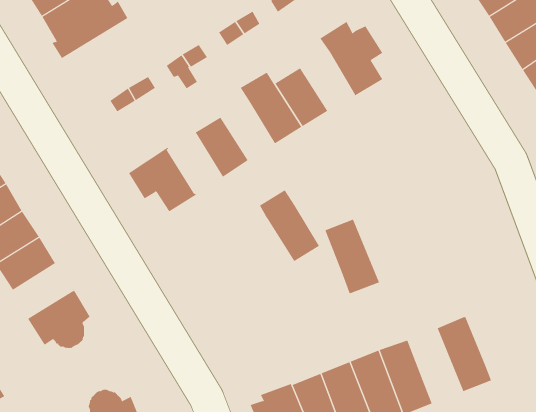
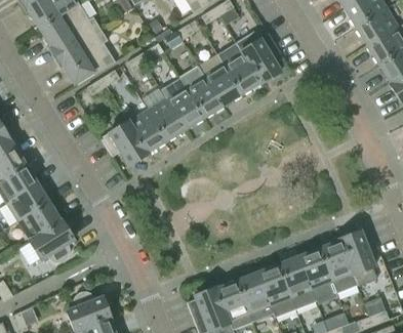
building: none -> [53,29,116,84]
building: none -> [217,43,260,94]
building: none -> [128,110,167,153]
building: [259,189,320,262] -> [161,78,204,129]
building: [325,219,380,294] -> [298,248,337,301]
building: none -> [18,202,62,241]
building: none -> [338,231,377,286]

